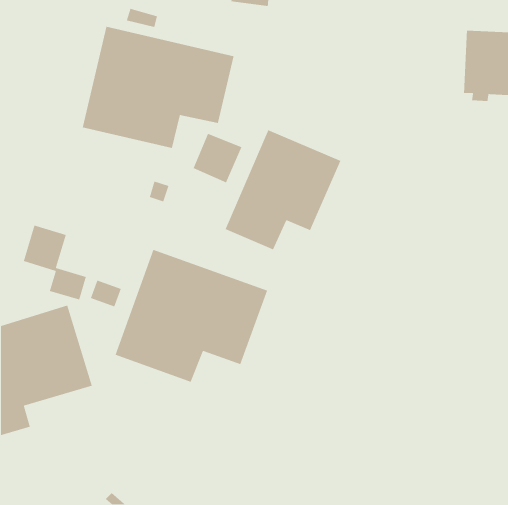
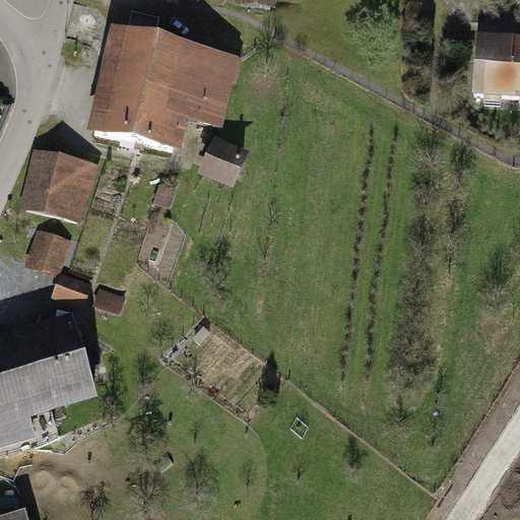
building: [225,129,341,250] -> none
building: none -> [19,147,95,223]
building: [114,249,268,383] -> none

